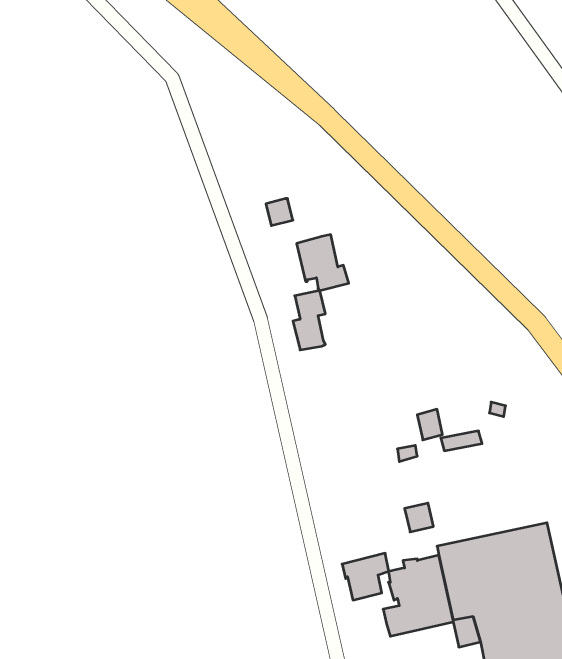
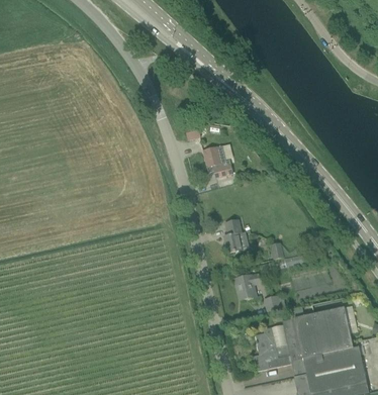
building: [293,290,325,350] -> [223,219,242,253]
building: [342,553,389,600] -> [234,273,261,299]

